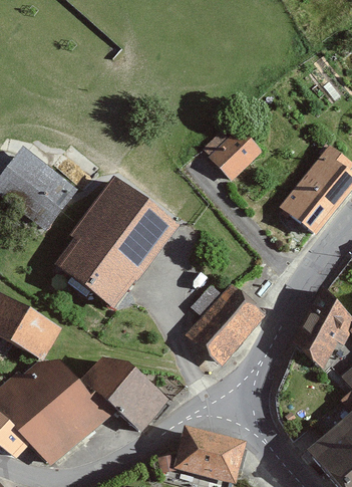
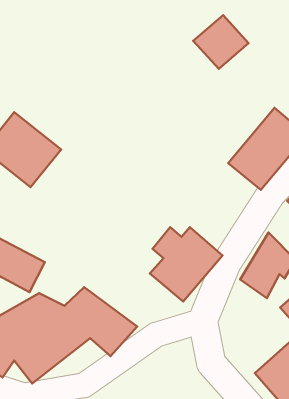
building: [202,118,267,182] -> [193,15,249,69]
building: [51,174,183,311] -> none
building: [173,427,239,478] -> none

